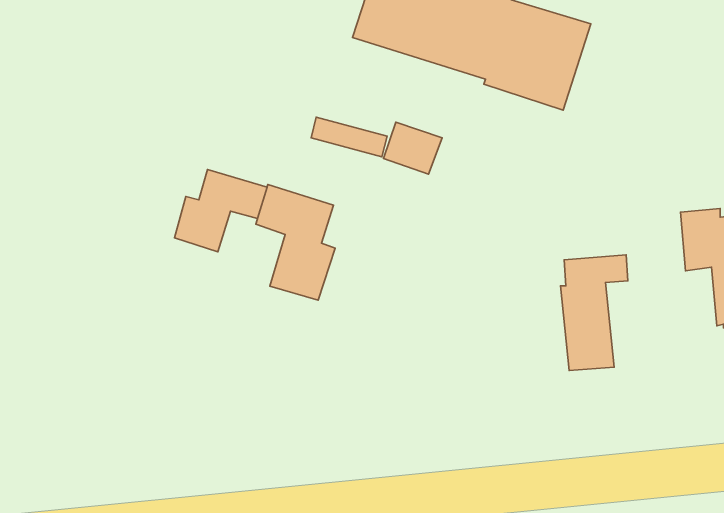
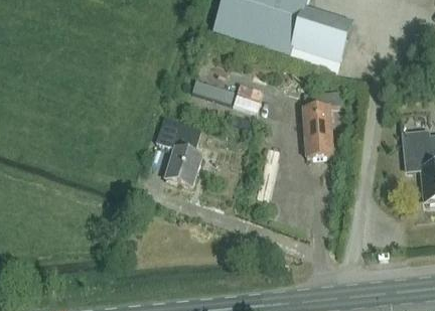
building: [175,170,267,252] -> none
building: [561,255,628,370] -> [301,88,340,155]

